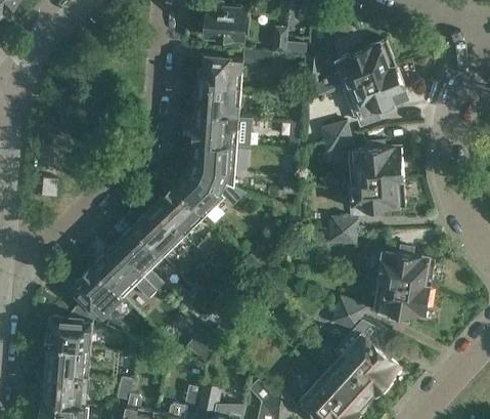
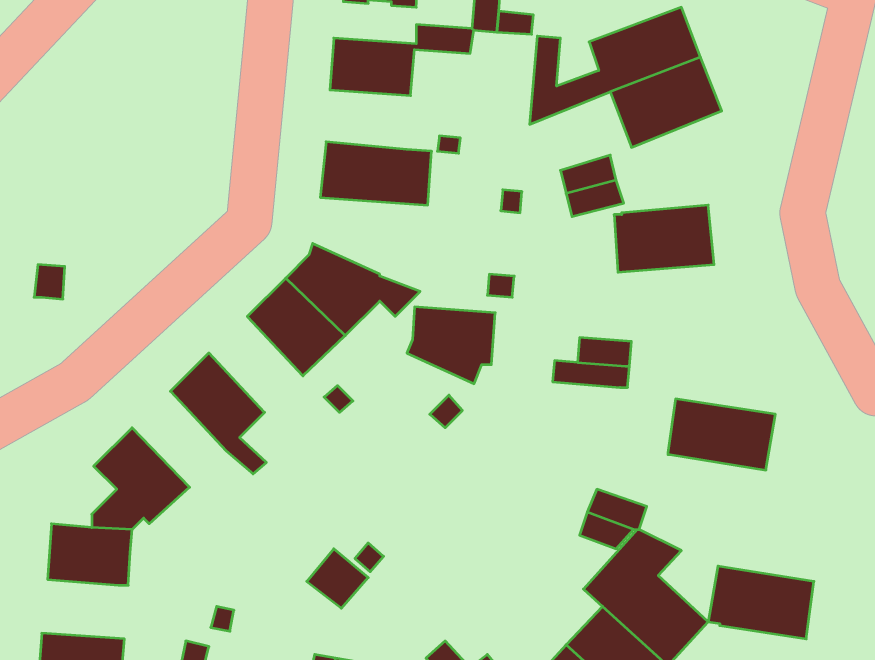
building: [195,85,240,117] -> none
building: [188,142,235,183] -> [407,307,495,384]
building: [349,178,404,212] -> none
building: [133,206,183,257] -> none
building: [92,246,157,299] -> none
building: [373,280,430,319] -> [708,566,814,639]
building: [44,346,89,378] -> none

